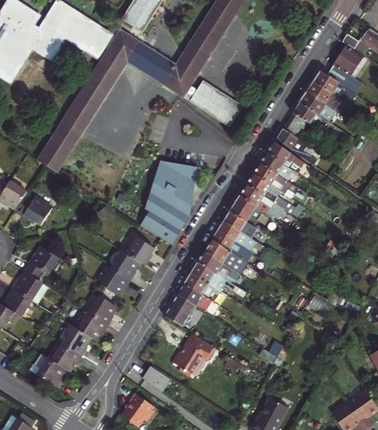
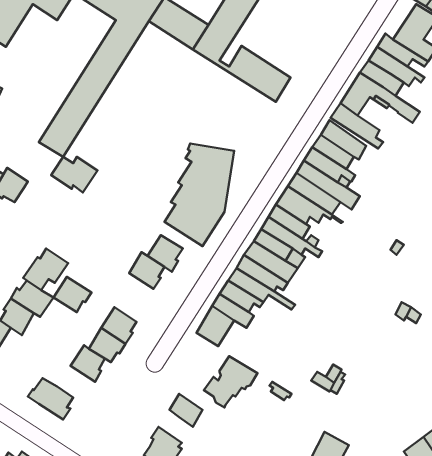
building: [14,196,52,225] -> [51,157,97,192]
building: [99,266,130,295] -> [54,277,91,312]
building: [51,342,82,370] -> none

